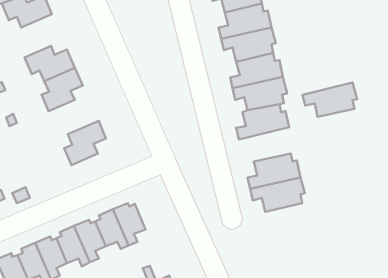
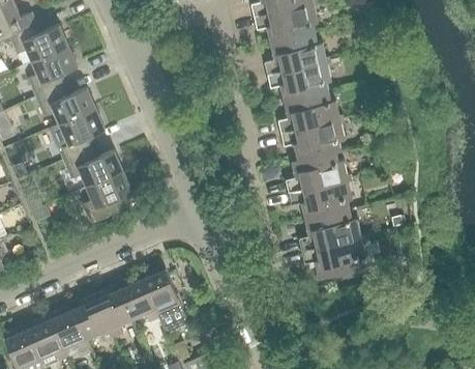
building: none -> [28,47,78,97]
building: [302,82,357,117] -> [288,179,352,220]
building: none -> [64,147,123,188]

